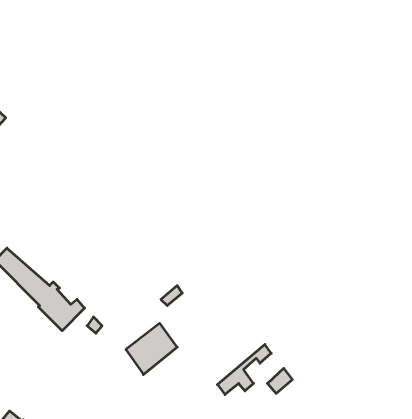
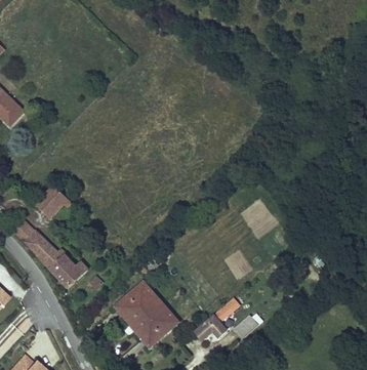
building: none -> [34,187,69,217]
building: none -> [134,300,178,344]

